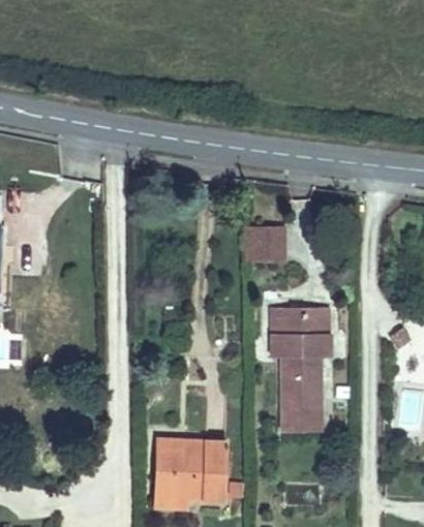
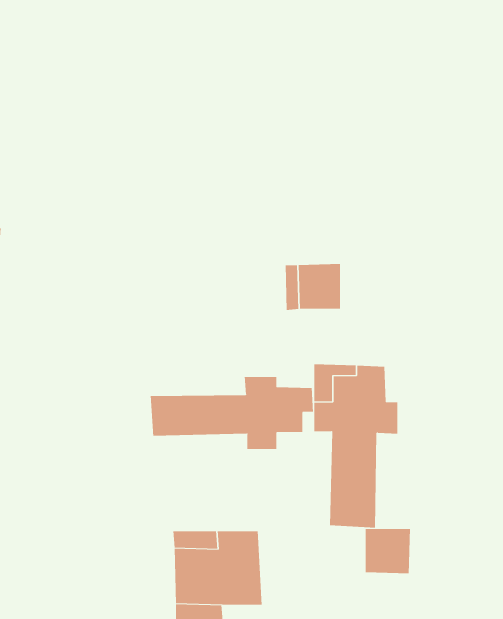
building: none -> [150,376,313,450]
building: none -> [365,528,411,574]

